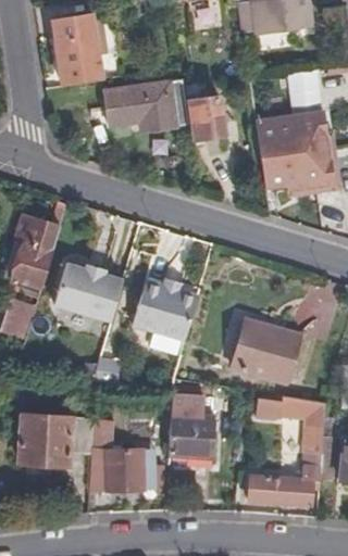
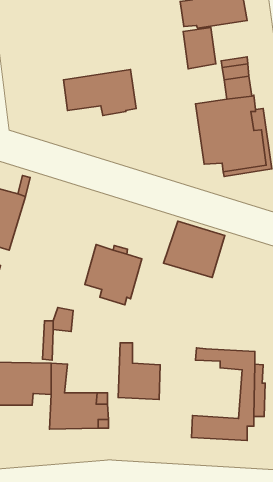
building: [51,16,101,89] -> none
building: [188,98,225,144] -> [183,28,216,69]
building: [51,262,121,321] -> none
building: [226,320,296,384] -> [164,221,225,278]

